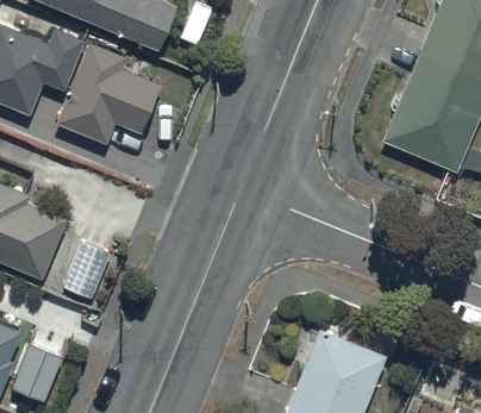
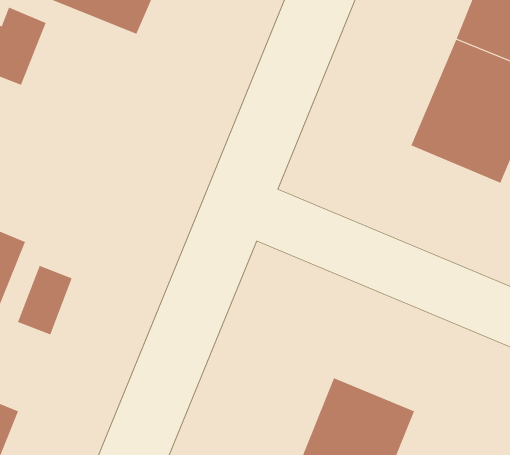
building: [56,42,161,144] -> none

